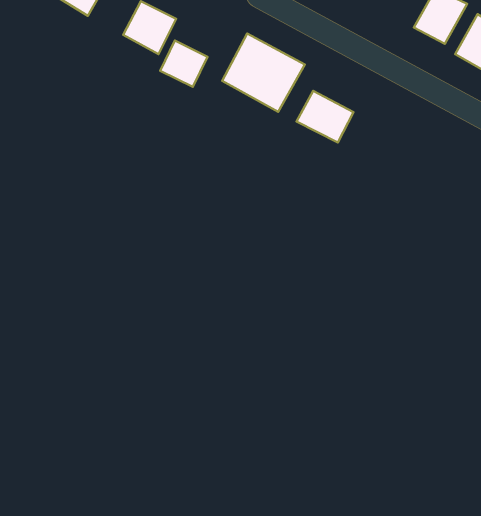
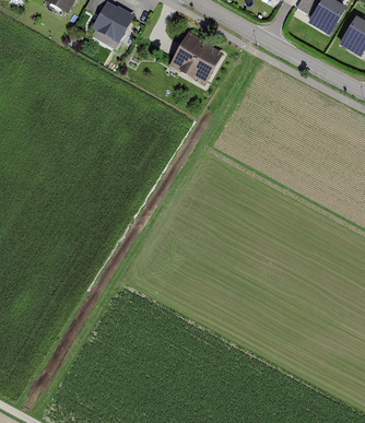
building: [160,41,207,87] -> none
building: [297,91,353,143] -> none

